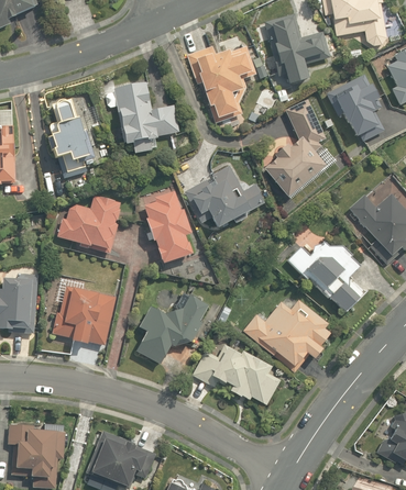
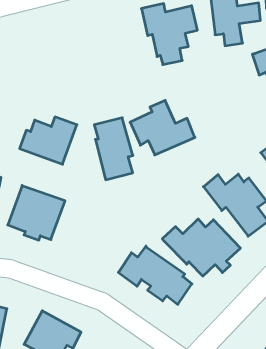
building: [114,81,182,146] -> none
building: [47,96,97,165] -> none
building: [264,98,329,200] -> none
building: [138,294,207,367] -> none

